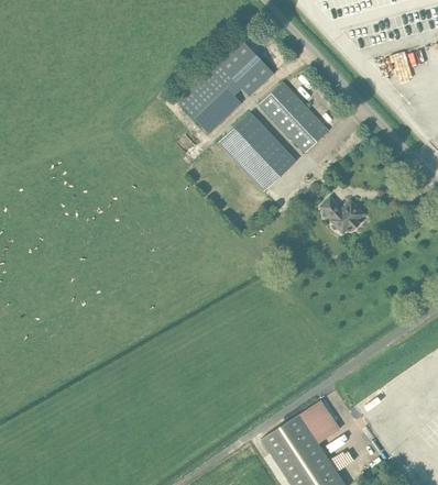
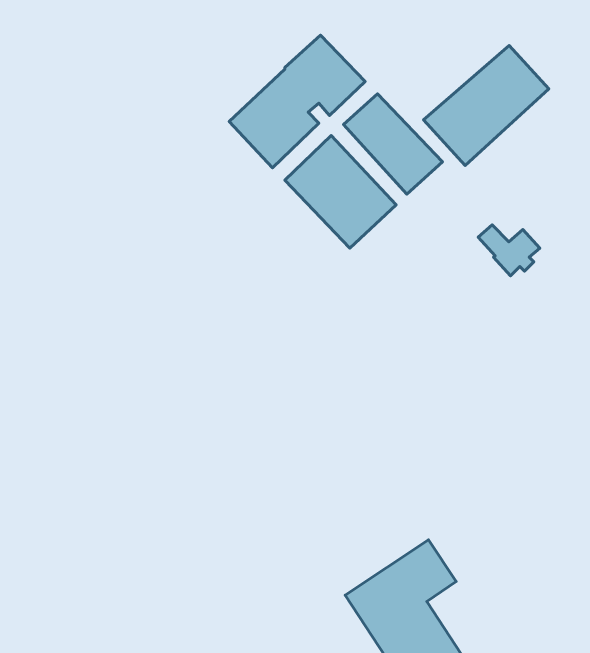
building: none -> [423,45,549,165]
building: [319,197,363,233] -> [478,225,540,276]

